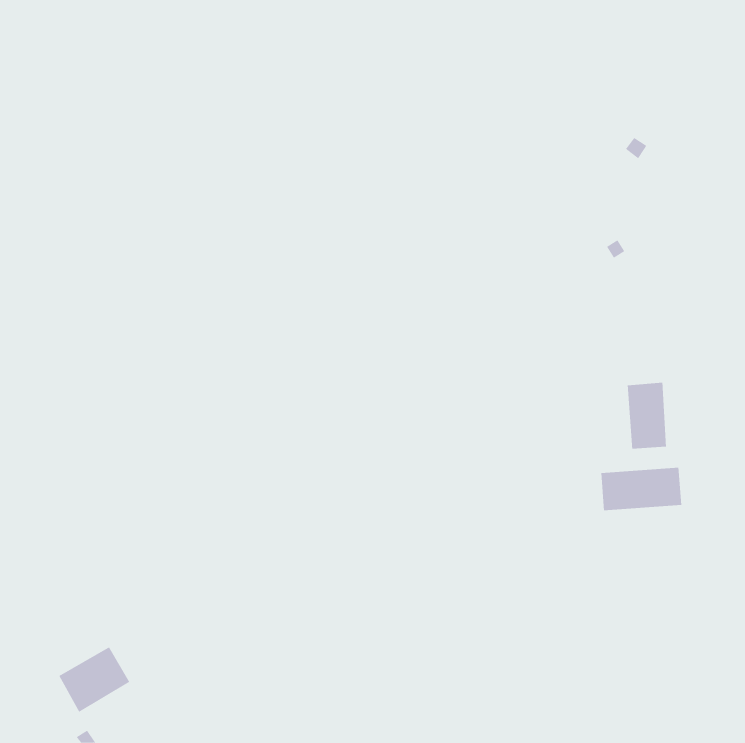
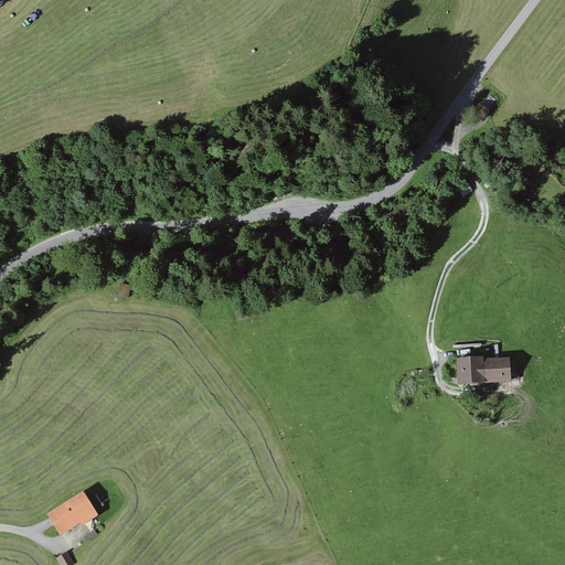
building: [627,382,666,449] -> none

